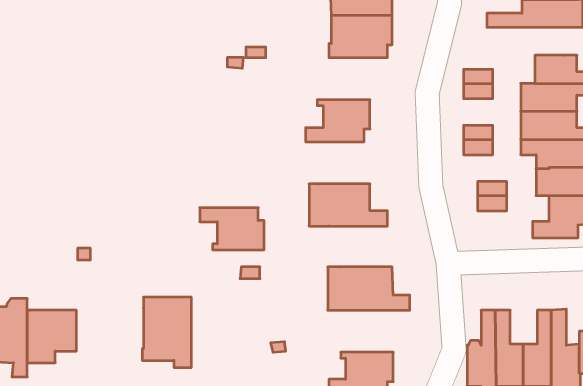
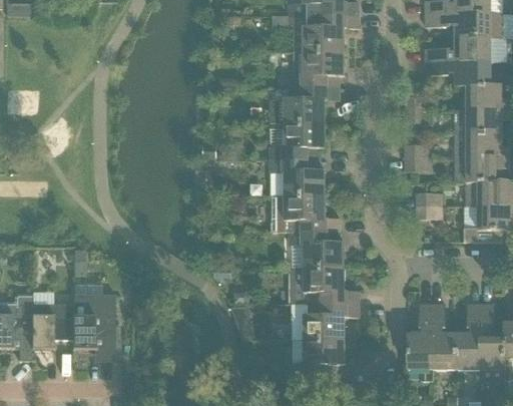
building: none -> [425,60,491,85]
building: none -> [280,86,340,122]
building: [200,208,264,250] -> [270,158,325,194]
building: none -> [290,231,344,266]
building: [142,297,191,367] -> [72,294,114,354]
building: none -> [300,303,359,339]

